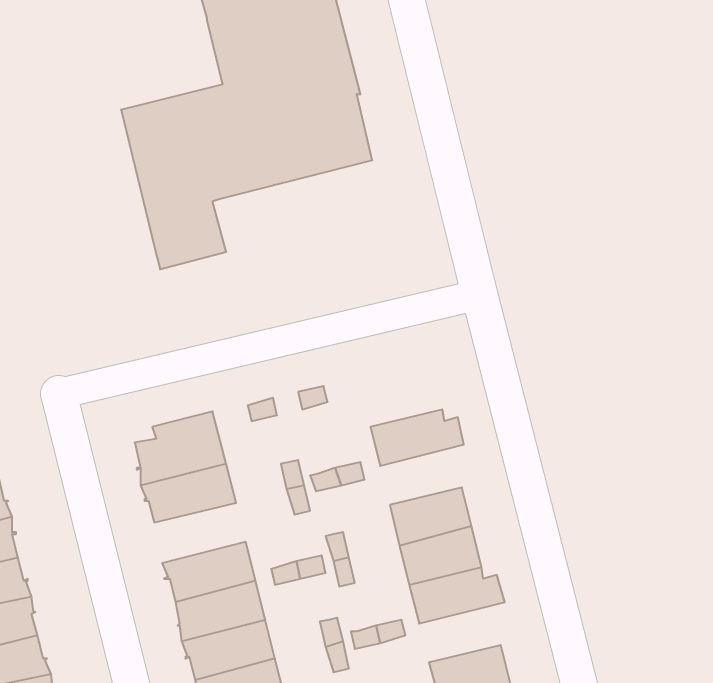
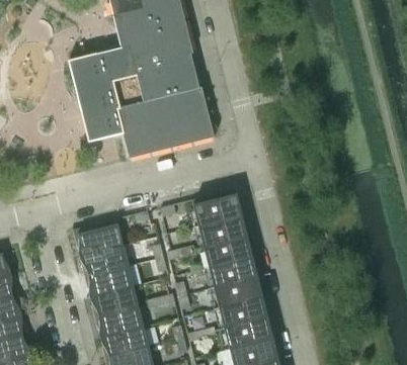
building: none -> [116,88,215,159]
building: none -> [191,194,236,226]
building: none -> [204,236,251,267]
building: none -> [86,266,134,297]
building: none -> [224,317,271,349]

